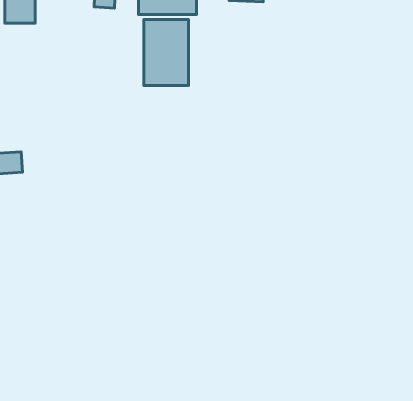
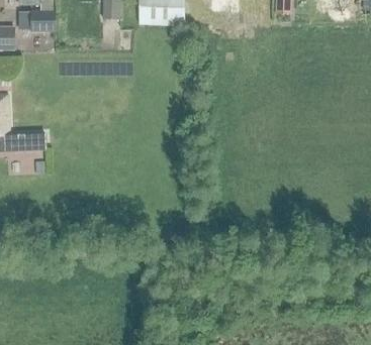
building: [144,19,189,85] -> none

